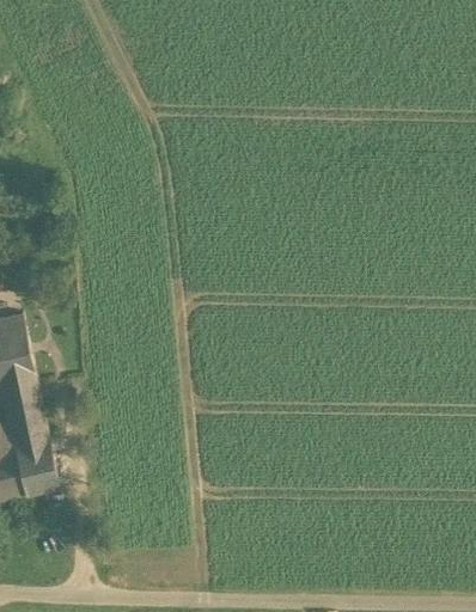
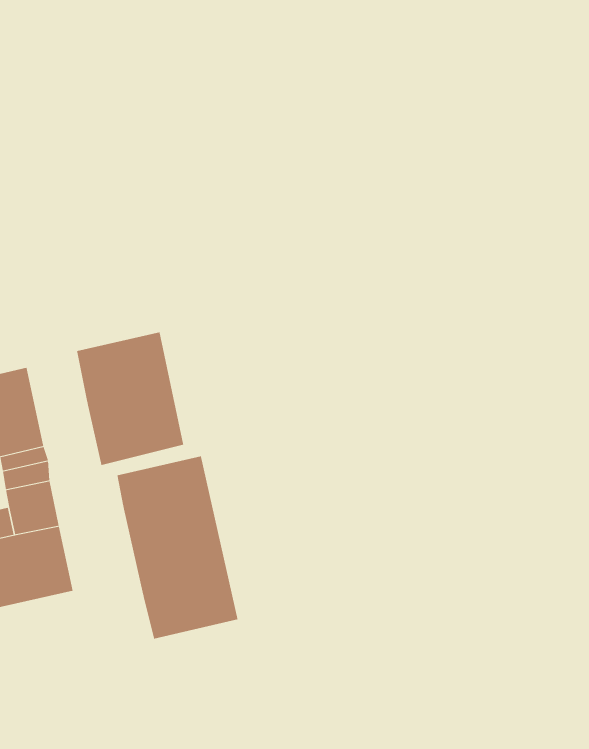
building: none -> [76,332,184,466]
building: none -> [117,455,238,639]

